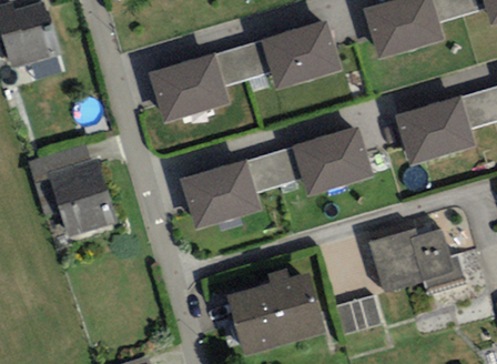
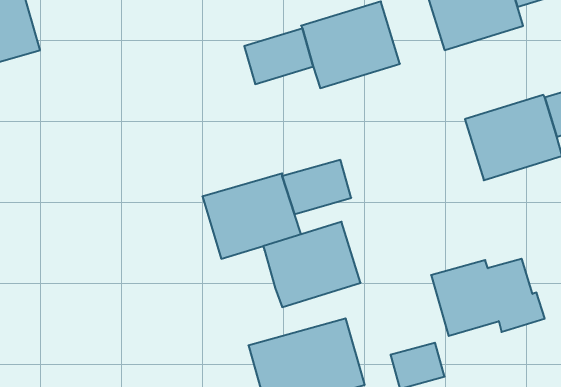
building: [150,50,231,120] -> none
building: [294,123,374,193] -> [263,222,361,307]
building: [47,161,108,235] -> none

